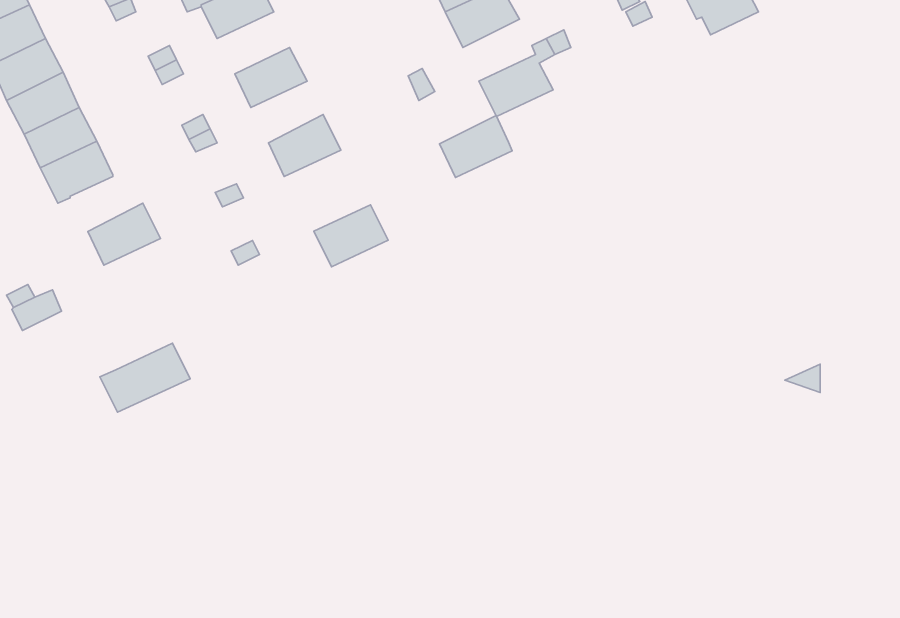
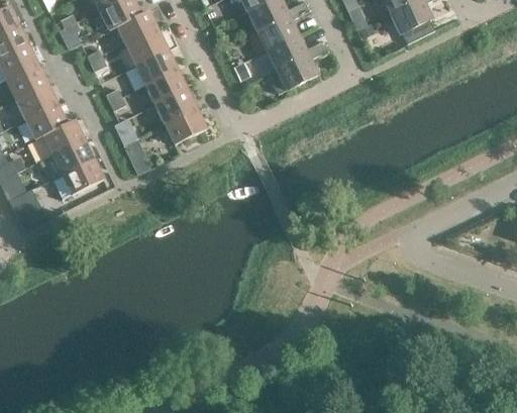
building: none -> [125,29,167,65]
building: none -> [144,69,186,104]
building: [440,116,512,177] -> [266,33,307,69]
building: none -> [41,118,83,154]
building: [314,205,388,267] -> [164,108,206,143]
building: [100,343,190,412] -> [51,159,103,198]

